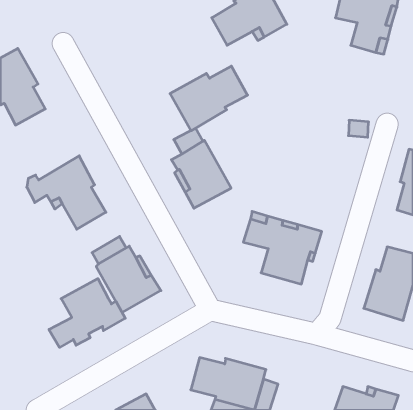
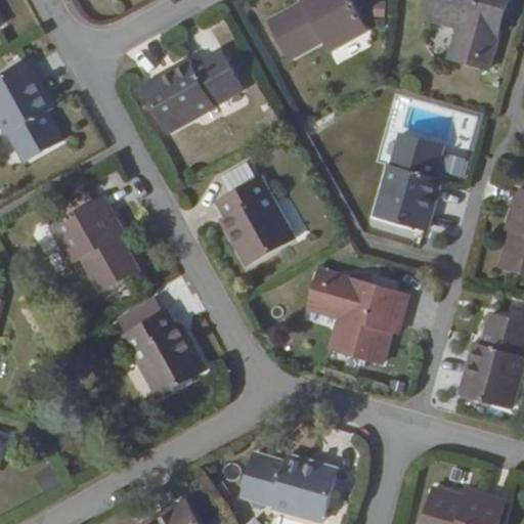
building: [170,66,248,131] -> [141,52,239,134]
building: none -> [375,132,440,227]
building: [49,279,125,347] -> none

